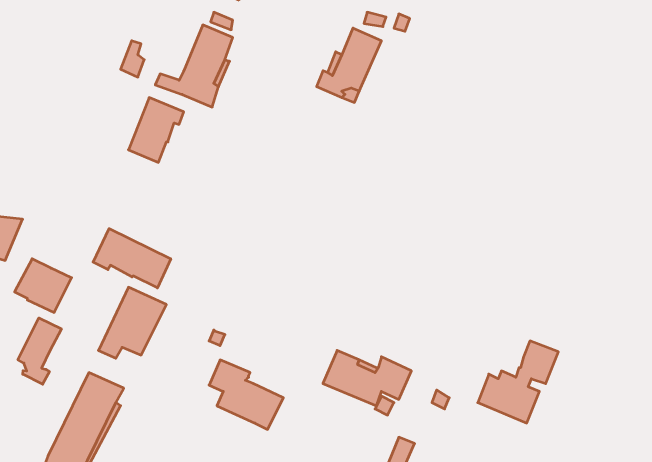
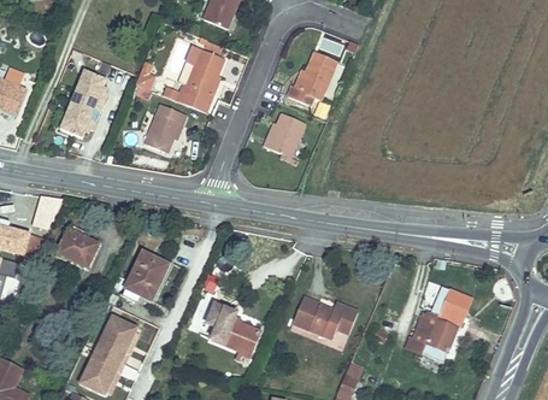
building: none -> [60,69,108,136]
building: none -> [261,112,304,157]
building: [93,229,171,288] -> none
building: [18,318,61,384] -> none

